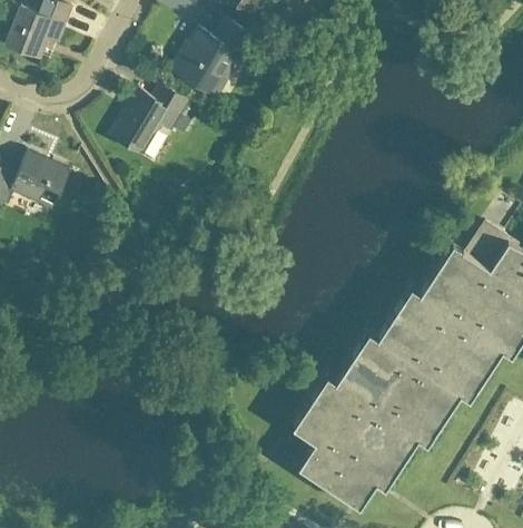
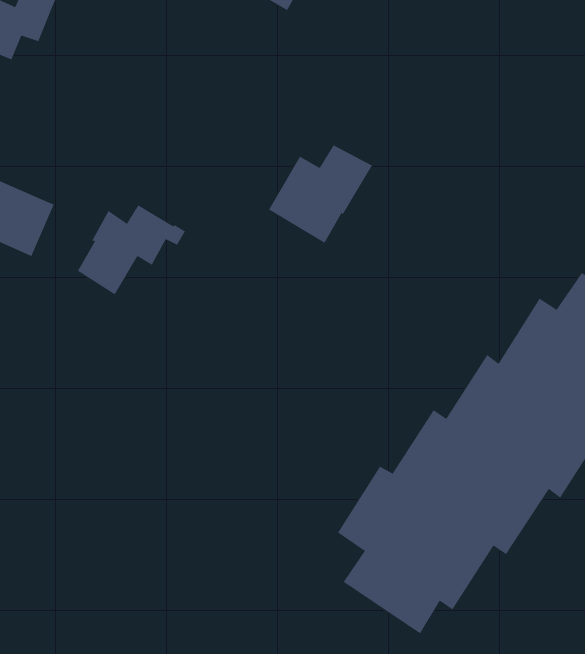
building: [172,22,255,100] -> [268,144,373,243]
building: [111,86,197,157] -> [77,205,186,295]

